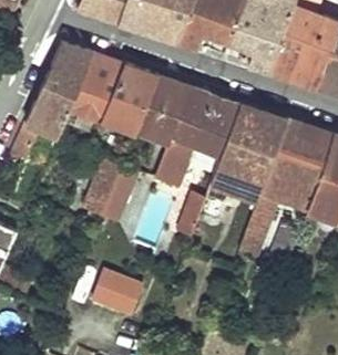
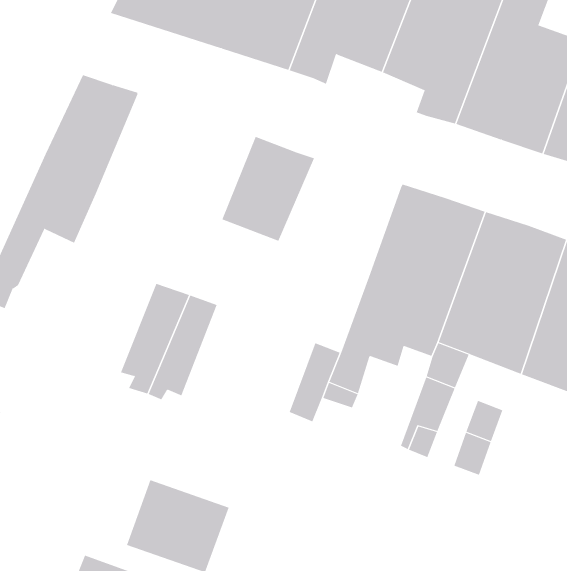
building: [69,54,157,133] -> none
building: [154,90,238,187] -> none

